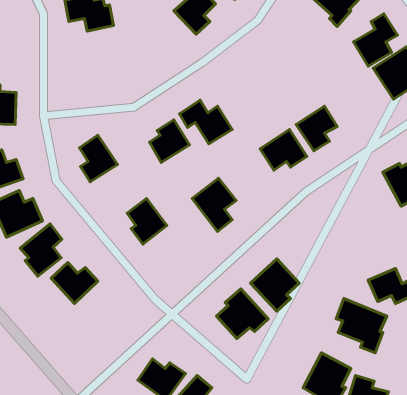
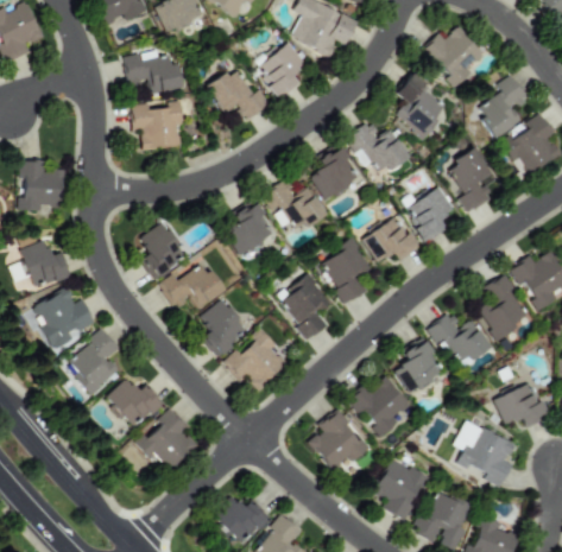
building: none -> [207,68,270,121]
building: none -> [394,72,444,139]
building: none -> [131,101,182,148]
building: none -> [346,122,409,173]
building: none -> [311,146,359,202]
building: none -> [446,147,495,214]
building: none -> [321,236,372,304]
building: none -> [158,262,223,309]
building: none -> [479,274,529,338]
building: none -> [427,312,491,367]
building: none -> [223,330,291,391]
building: none -> [396,341,443,393]
building: none -> [134,408,197,471]
building: none -> [372,457,429,520]

